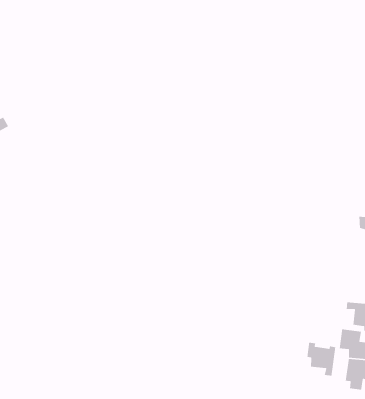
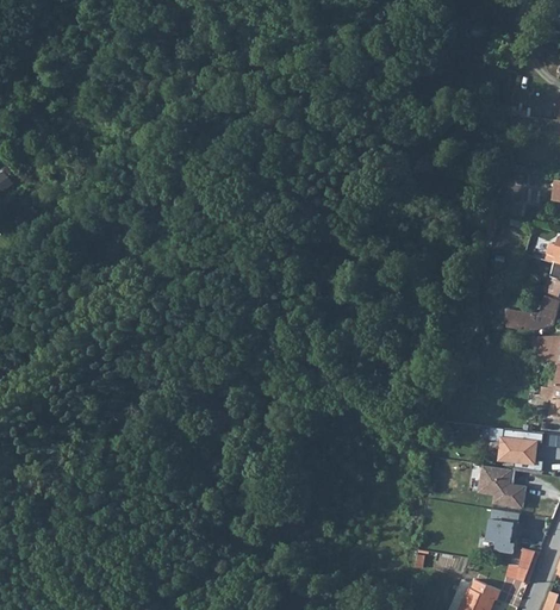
building: [306,342,336,376] -> none

